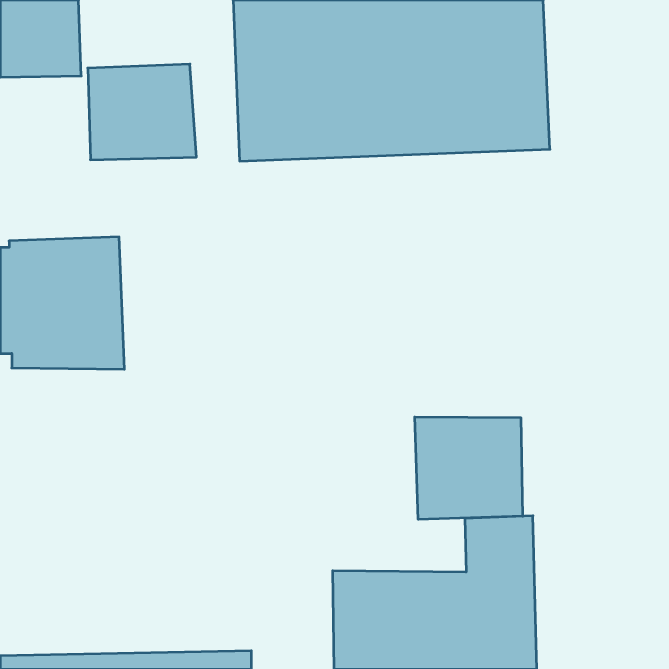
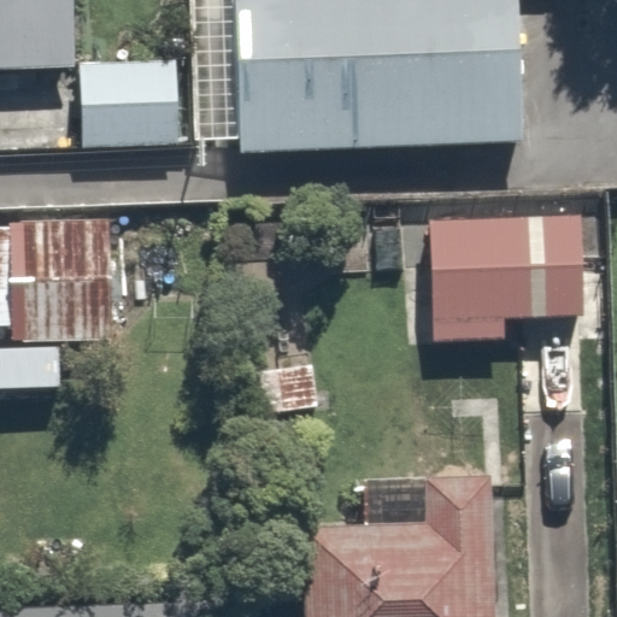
building: none -> [428,216,582,341]
building: [415,417,523,519] -> none

